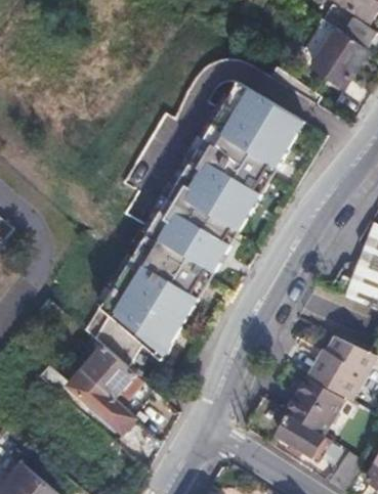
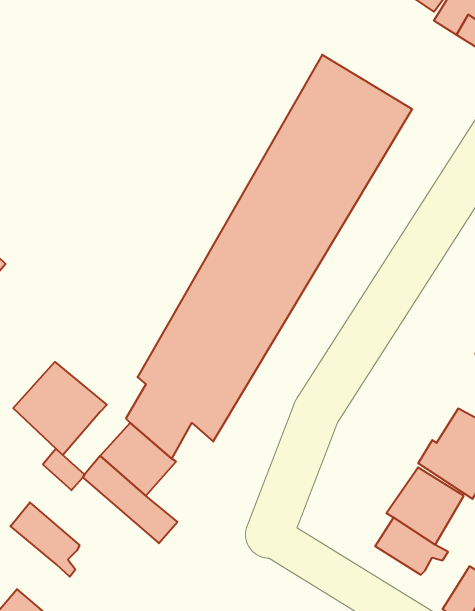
building: none -> [13,362,107,455]
building: none -> [10,502,79,577]

